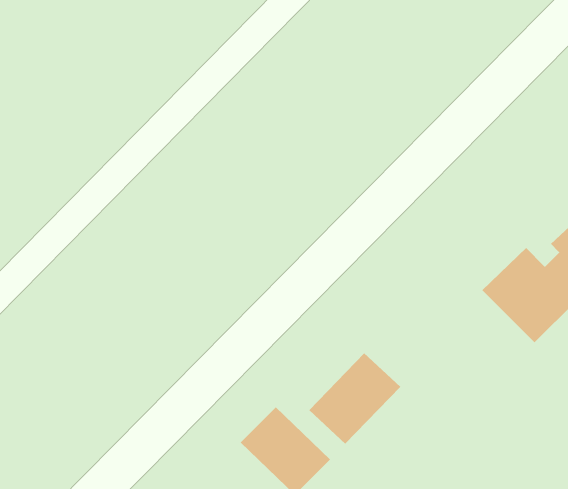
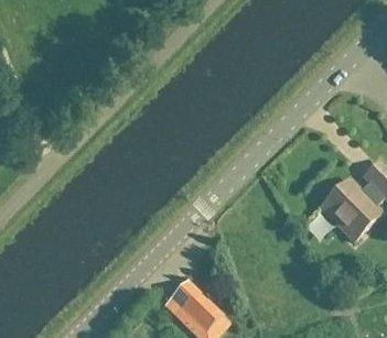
building: [308,352,401,445] -> none

